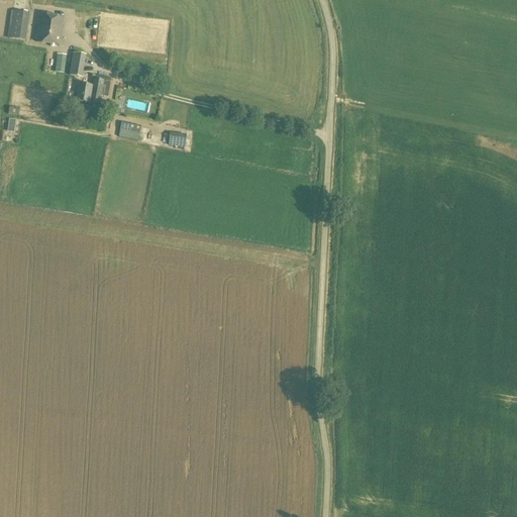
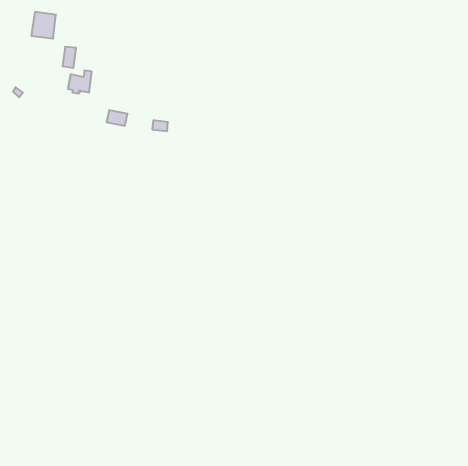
building: [6,8,28,38] -> none

